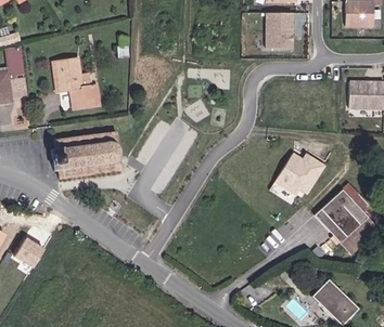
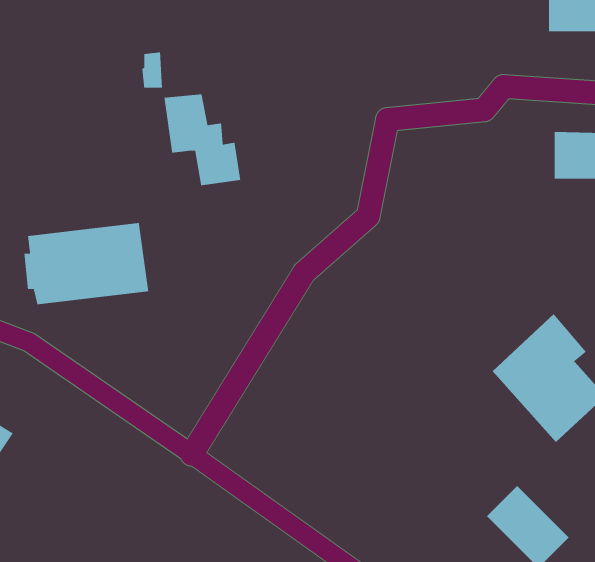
building: [266,13,292,49] -> none
building: [55,58,99,110] -> [164,93,241,186]
building: [274,154,327,197] -> none

